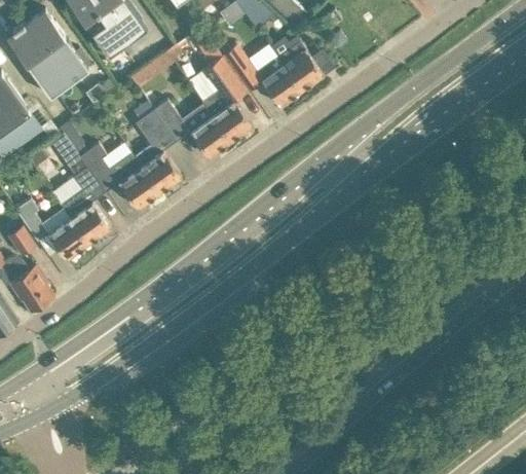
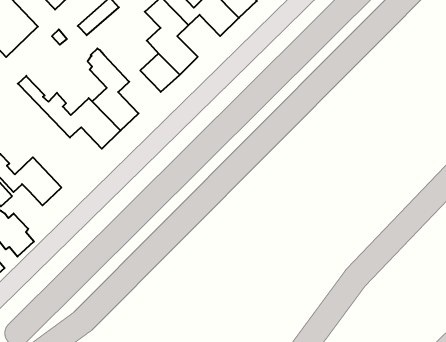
building: [153,100,189,142] -> none
building: [47,129,110,244] -> none

